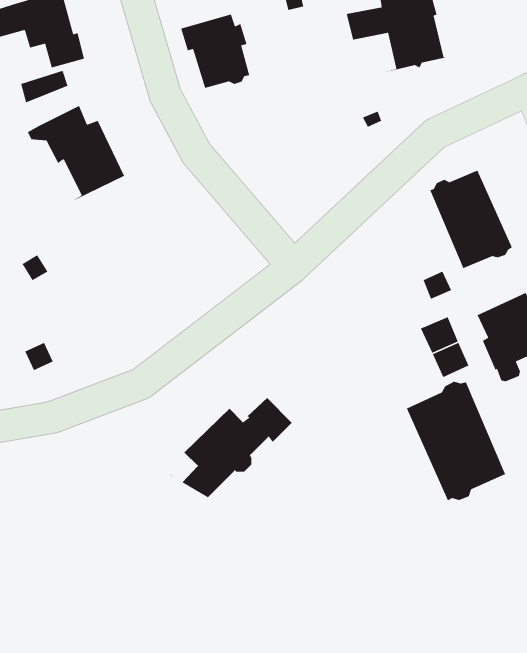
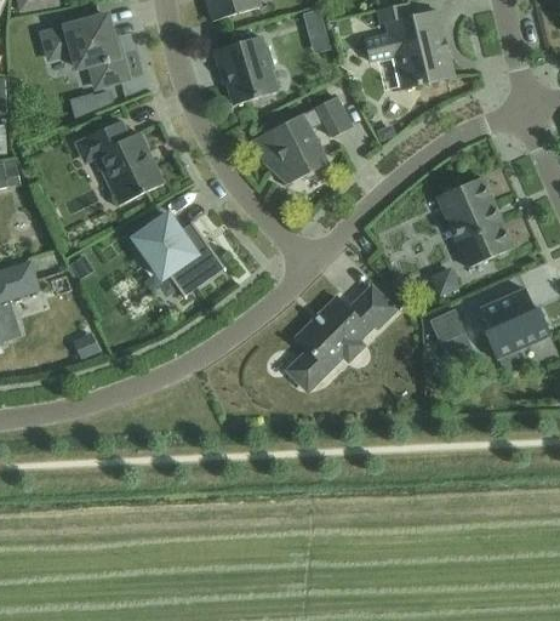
building: none -> [250,96,350,186]
building: none -> [133,215,224,297]
building: [406,381,506,501] -> none
building: [169,397,293,498] -> [282,287,394,378]

